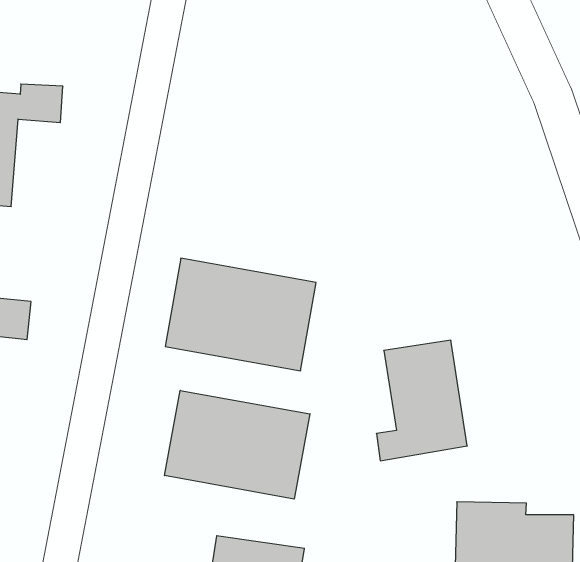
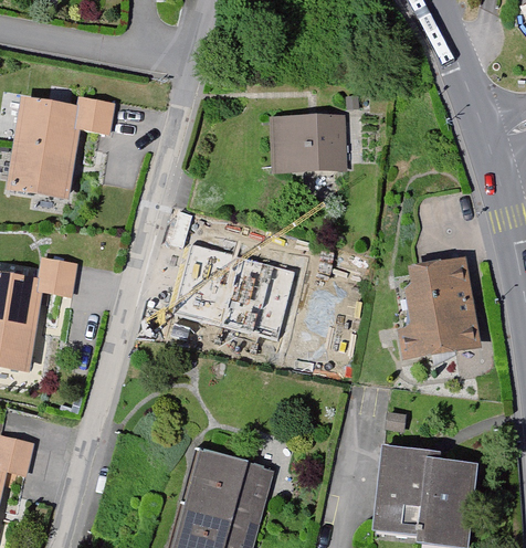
building: none -> [276,118,344,171]
building: [376,340,467,461] -> [402,263,471,350]
building: [165,390,310,499] -> none

